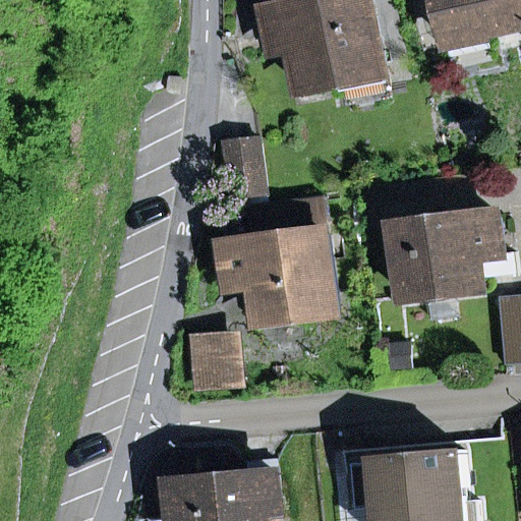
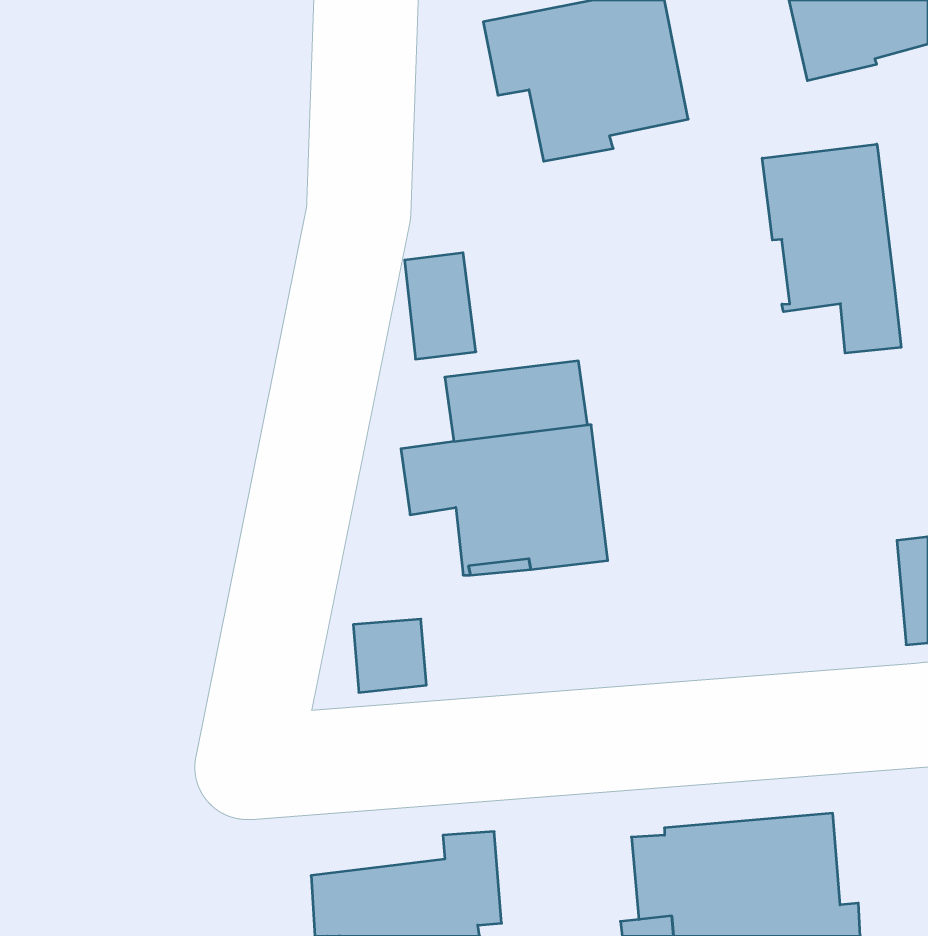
building: none -> [762,144,901,353]
building: [397,217,502,298] -> none

